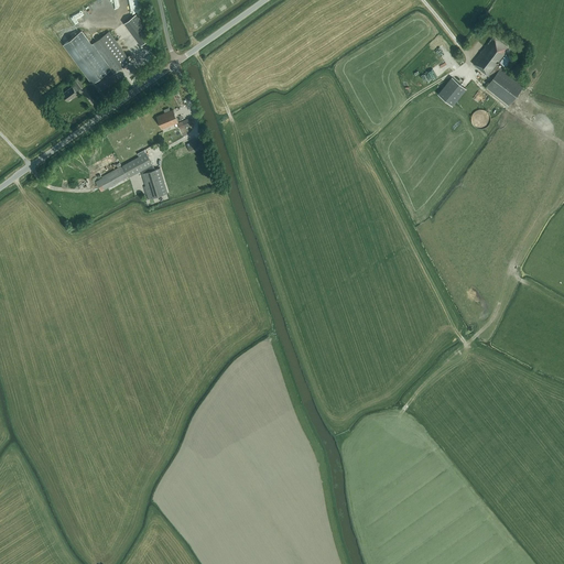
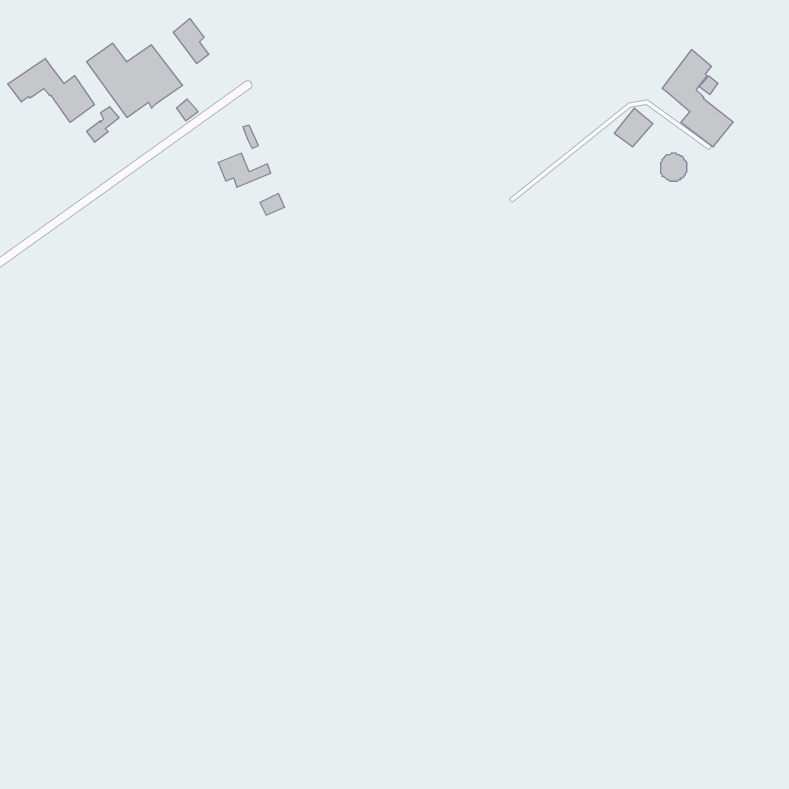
building: none -> [8,58,94,122]
building: [95,151,166,200] -> none

